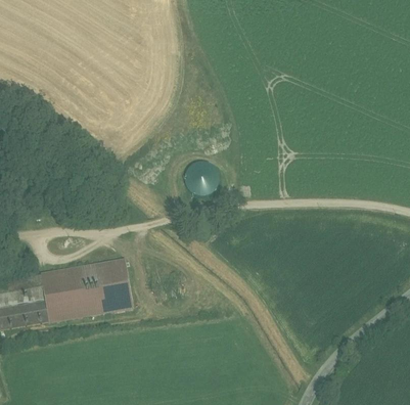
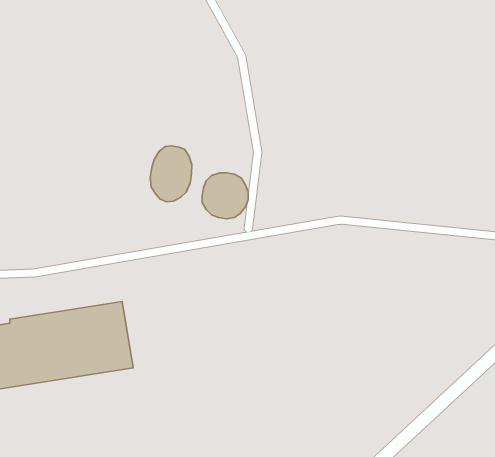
building: none -> [150,146,192,202]

